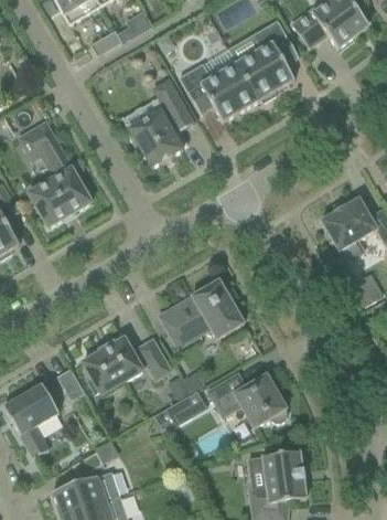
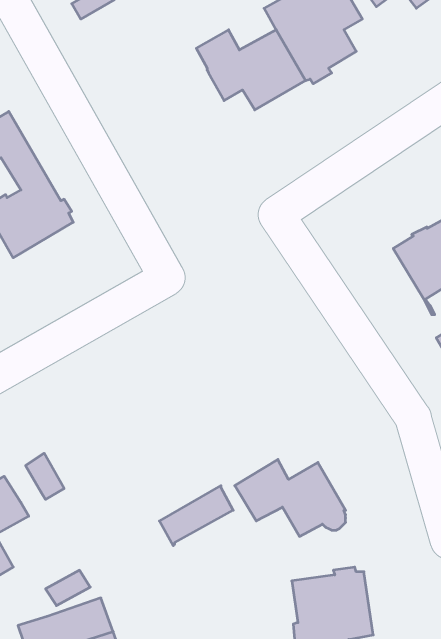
building: [128,79,193,167] -> none
building: [158,279,244,347] -> none
building: [82,337,170,394] -> none

